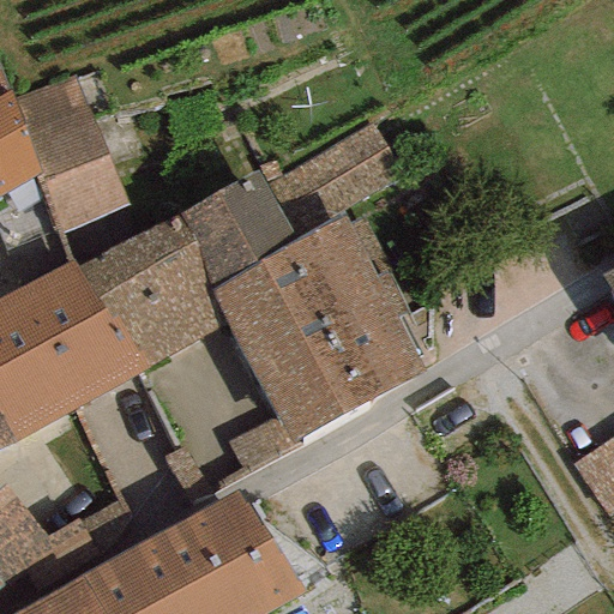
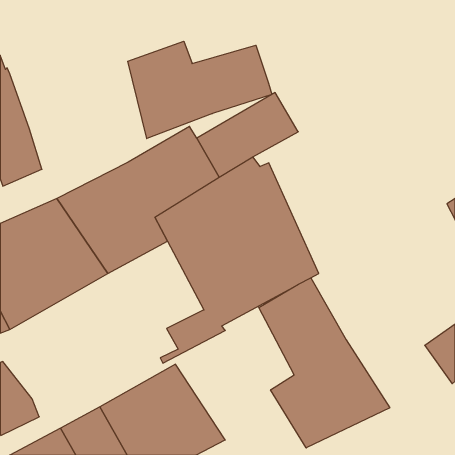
building: none -> [128,41,272,139]
building: [13,78,127,235] -> none
building: none -> [259,278,390,448]

